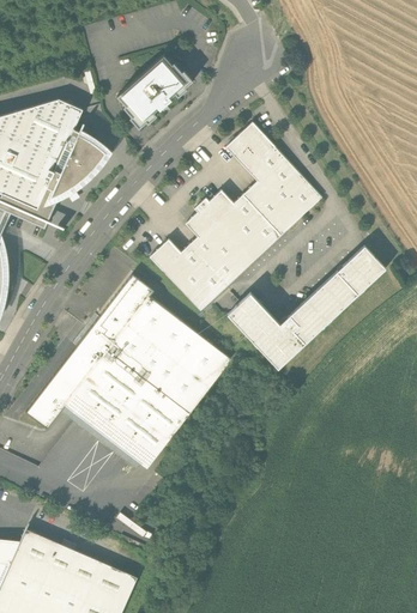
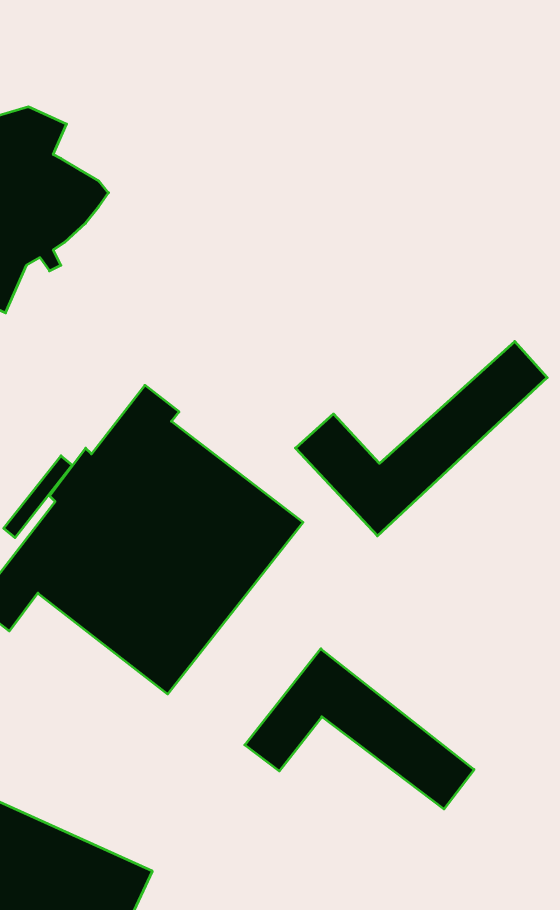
building: [116,55,193,128] -> none
building: [149,122,321,310] -> none
building: none -> [245,649,474,809]

